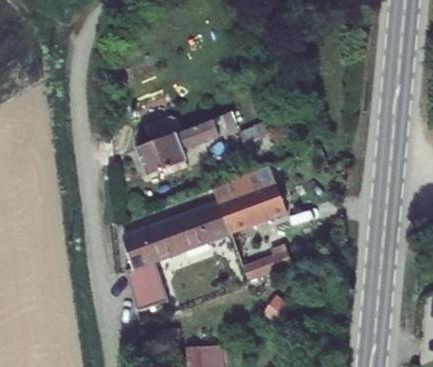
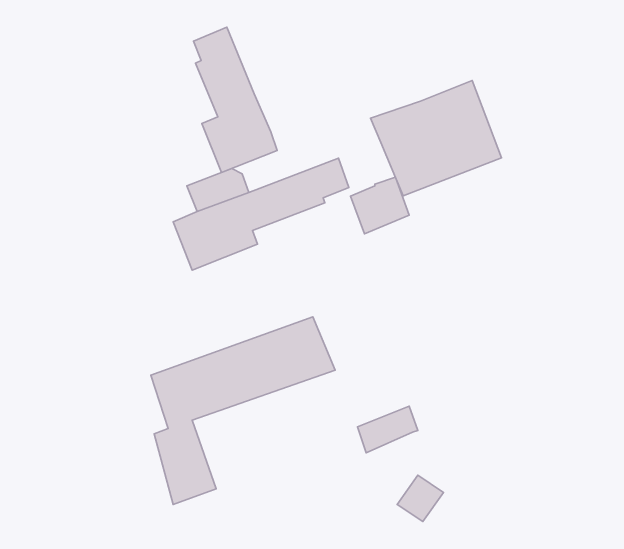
building: none -> [194,27,277,173]
building: [212,166,288,233] -> [371,80,501,196]

